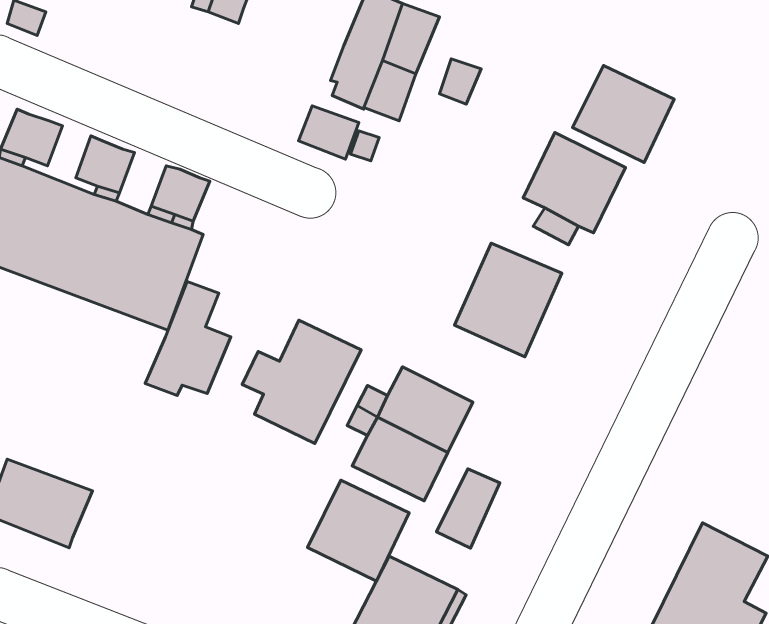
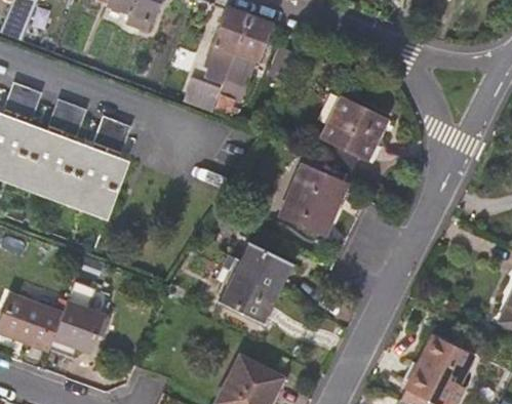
building: [572,65,674,162] -> none
building: [145,281,231,395] -> [46,282,99,352]
building: [242,320,361,443] -> none
building: [437,469,500,548] -> none
building: [307,480,409,581] -> none

